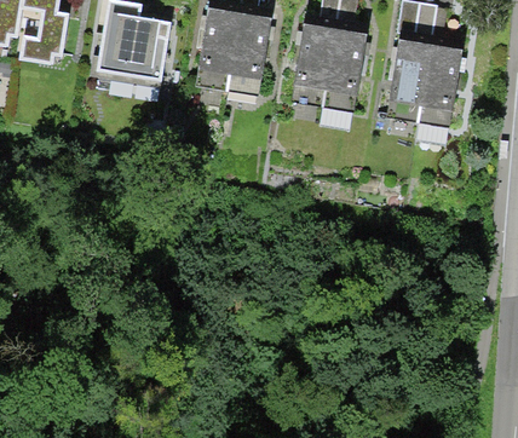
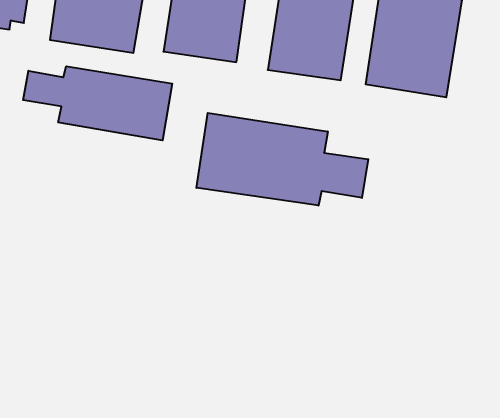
building: none -> [23,66,172,140]
building: none -> [196,113,368,206]

